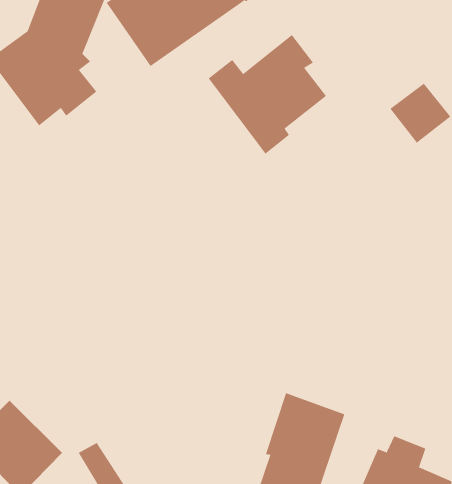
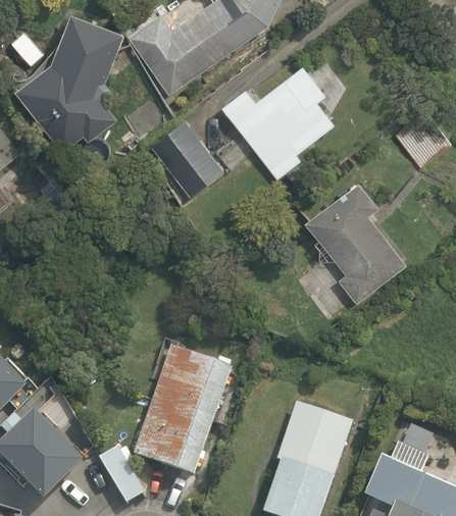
building: none -> [151,121,223,197]
building: none -> [304,180,405,305]
building: none -> [132,347,231,476]

